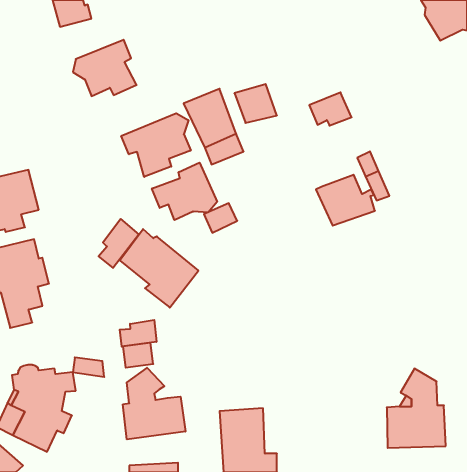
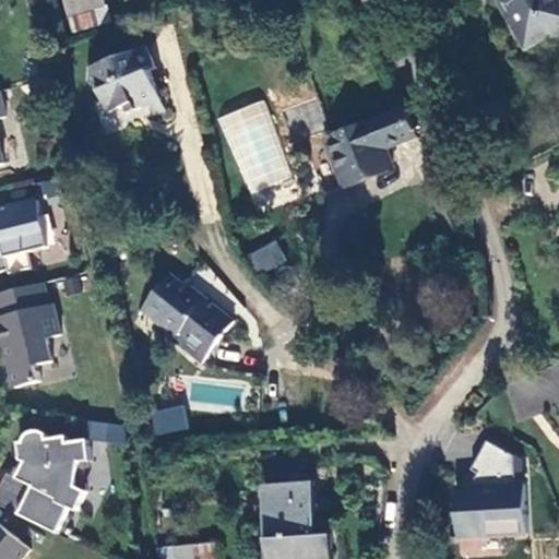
building: [121,113,191,177] -> none
building: [152,163,217,220] -> none
building: [316,175,375,226] -> [321,124,391,185]
building: [99,219,139,268] -> none
building: [120,320,156,347] -> none
building: [123,368,185,439] -> none

